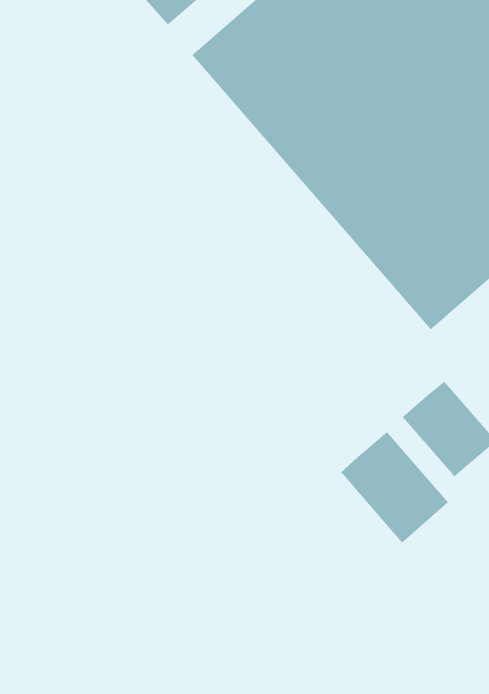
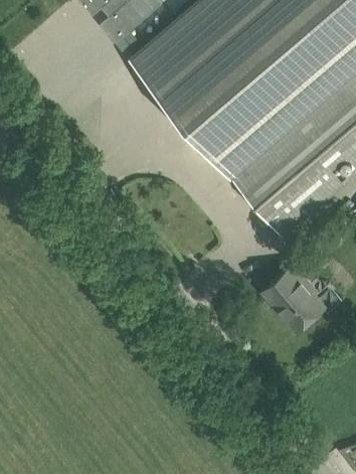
building: [340,431,449,544] -> none

